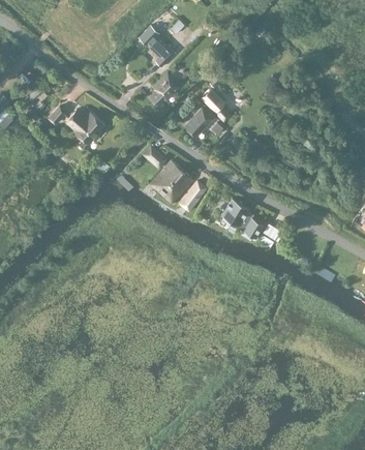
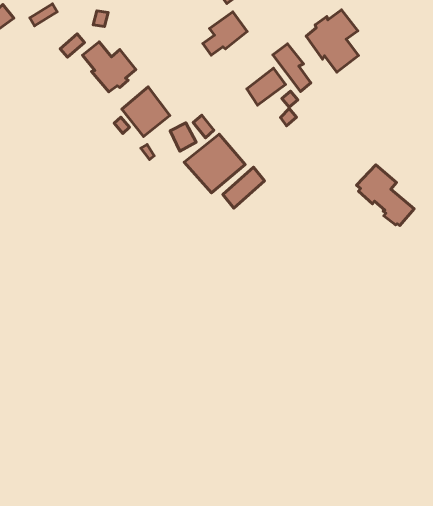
building: none -> [306,10,359,72]
building: none -> [122,87,170,136]
building: [220,197,264,237] -> [357,165,414,226]

